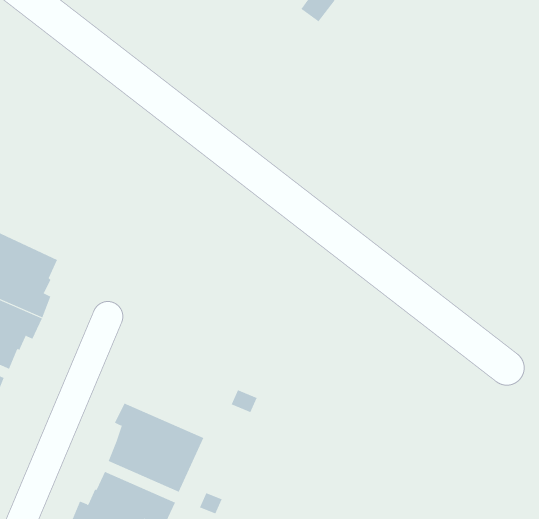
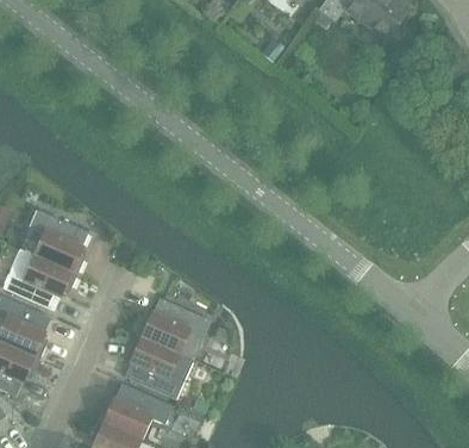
building: none -> [136,297,211,359]

